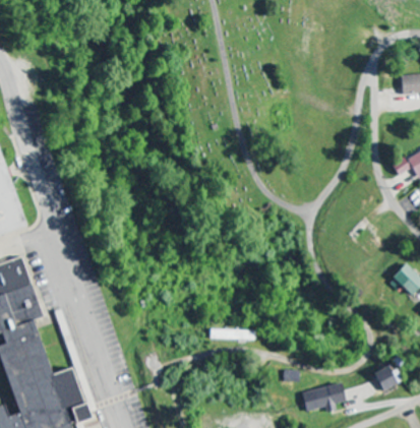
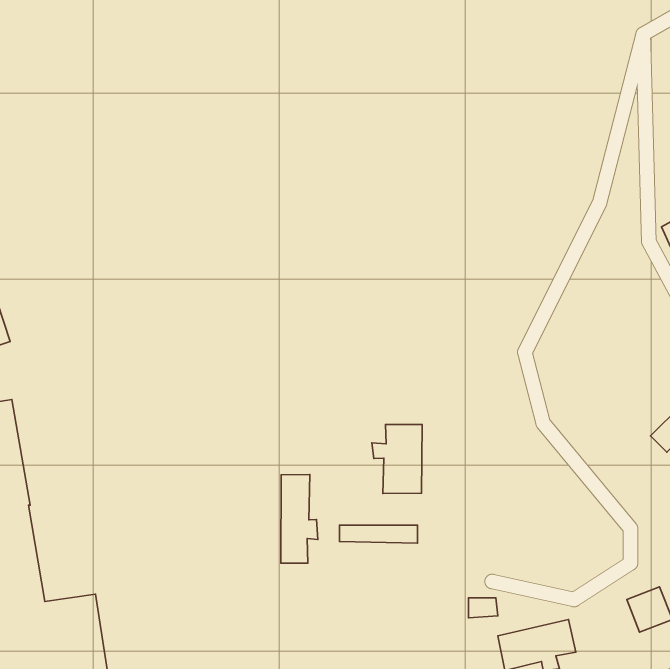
building: none -> [372,424,422,494]
building: none -> [281,475,318,563]

